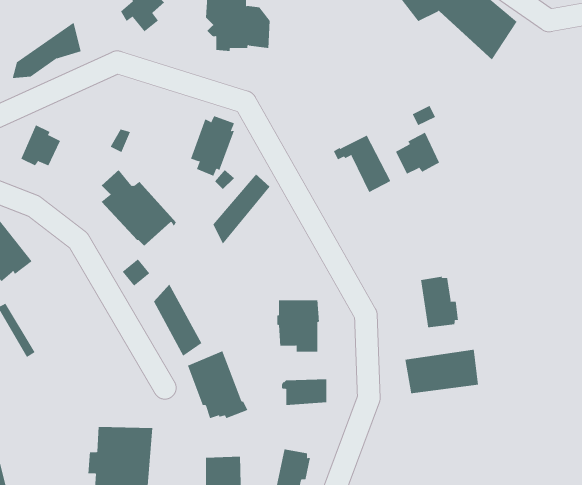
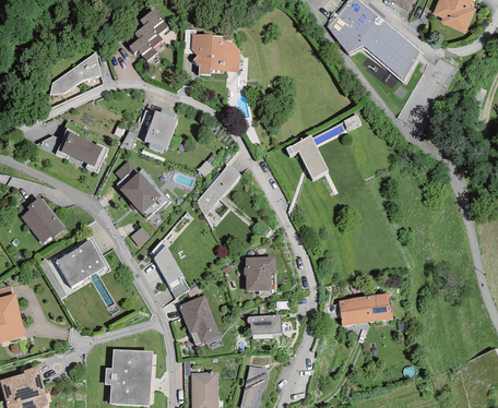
building: [190,116,235,177] -> [144,107,177,152]
building: [395,132,440,174] -> none
building: none -> [76,140,107,171]
building: [420,276,459,328] -> none
building: none -> [55,239,105,286]

